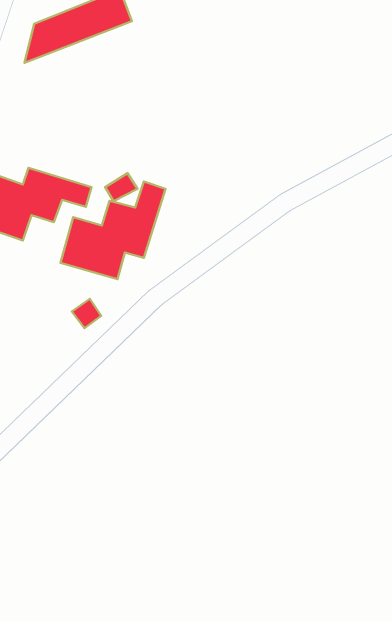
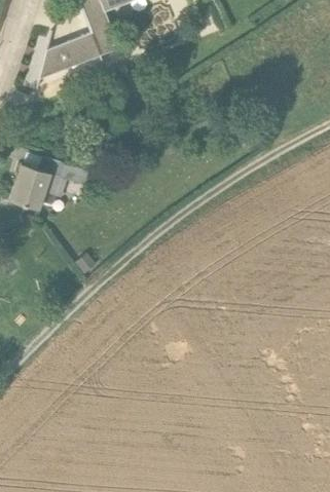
building: [61,181,165,279] -> none

